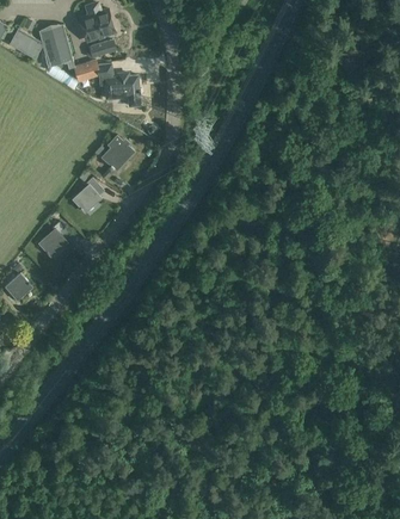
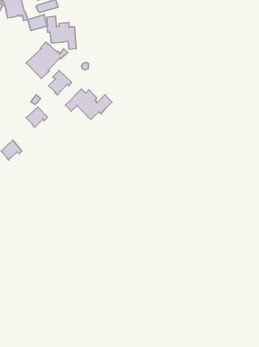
building: none -> [26,42,68,79]
building: none -> [66,89,112,120]

